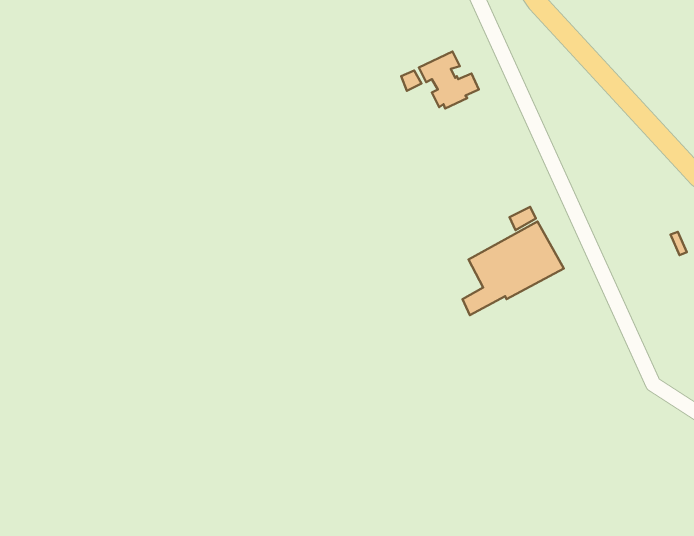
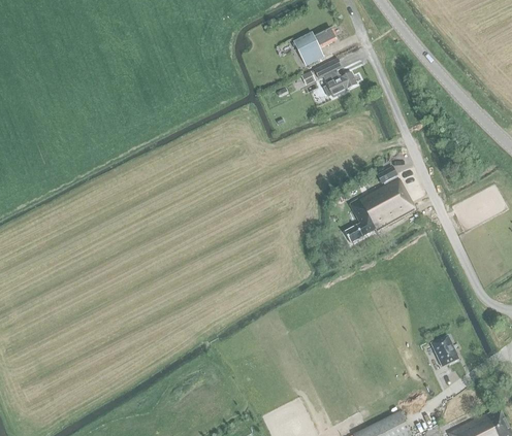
building: none -> [293,27,335,65]
building: none -> [430,334,459,367]

